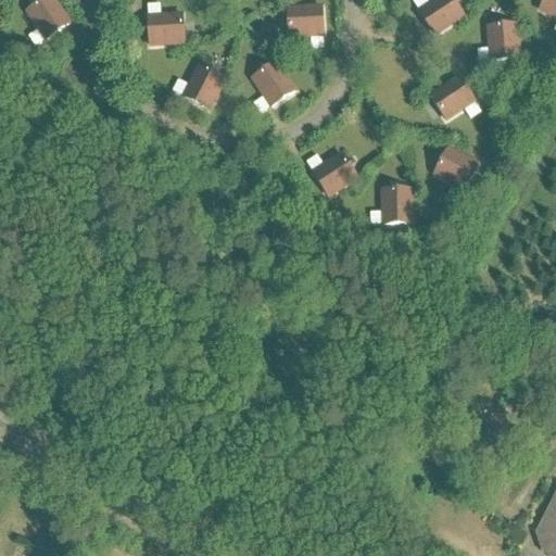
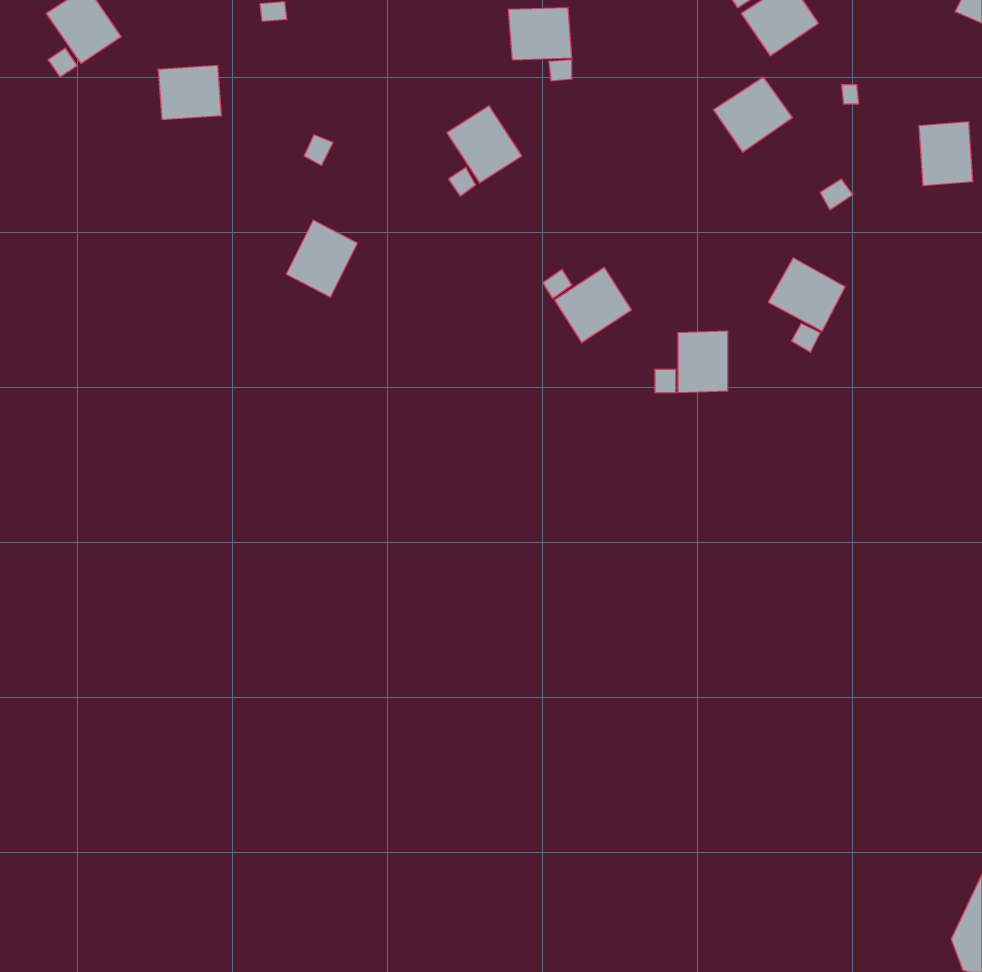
building: [148,12,184,42] -> [158,66,222,119]
building: [488,22,518,58] -> [919,122,973,185]
building: [184,63,224,106] -> [286,220,357,297]
building: [429,75,473,117] -> [713,77,792,152]

